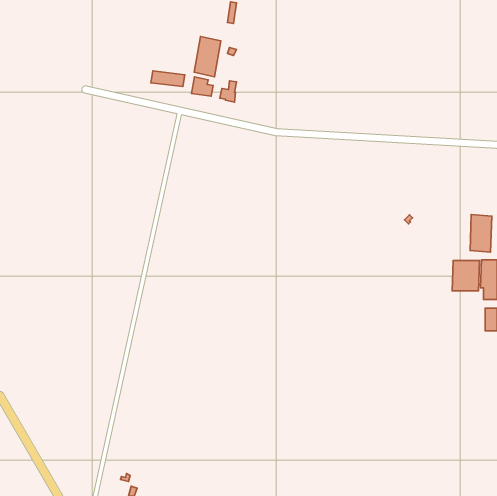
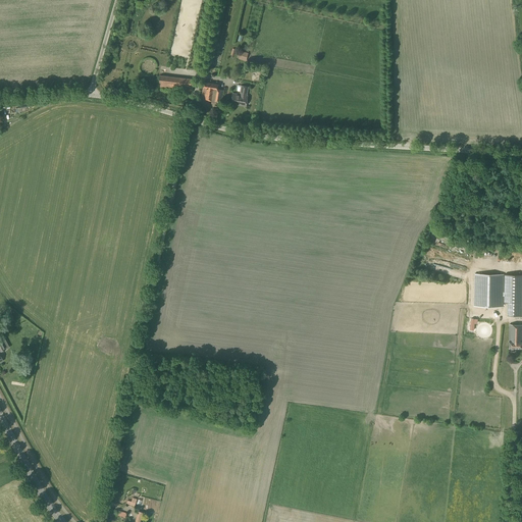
building: [194,36,221,77] -> none
building: [470,214,492,252] -> none

